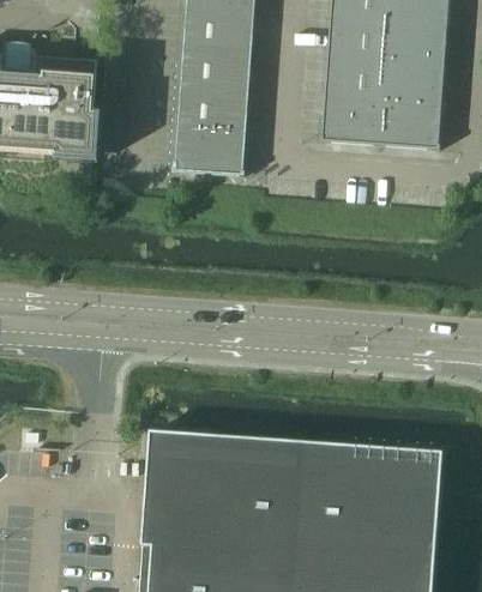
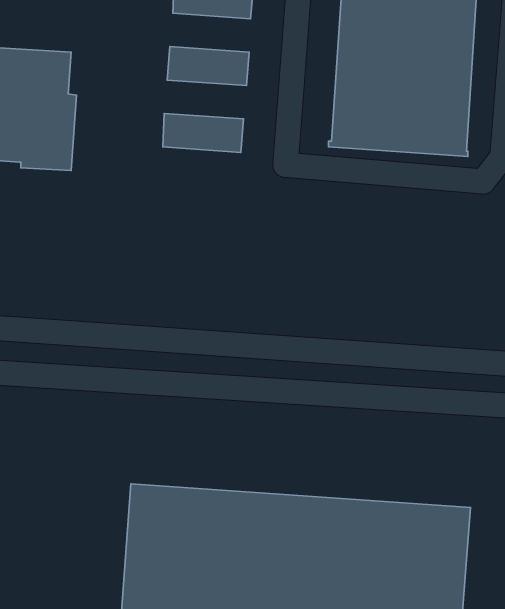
building: [182,26,252,60] -> none
building: [177,84,248,117] -> none
building: [173,141,243,176] -> none

